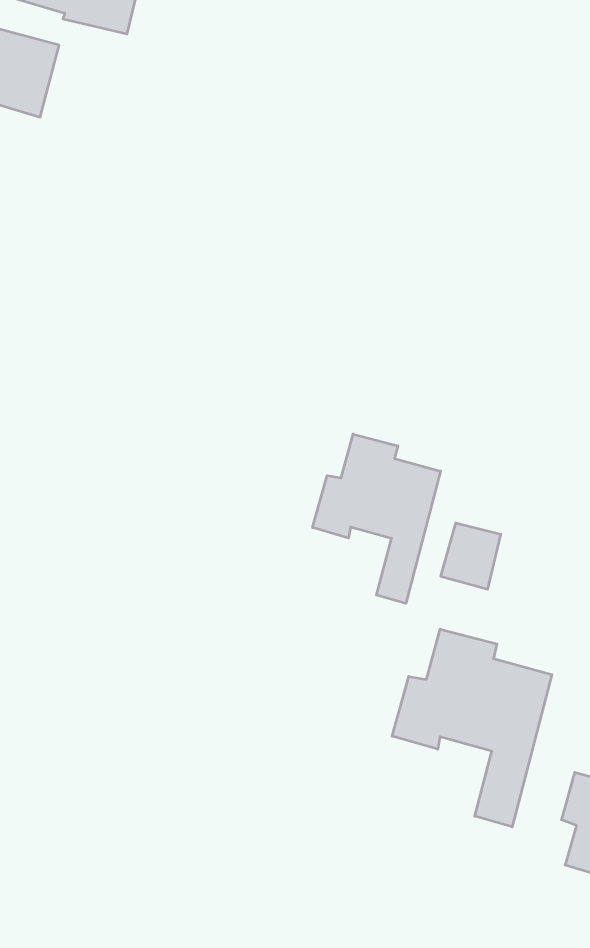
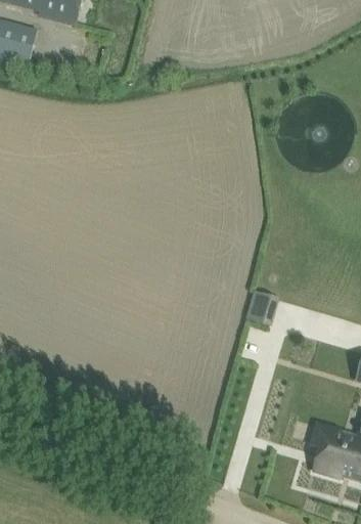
building: [313,434,441,603] -> none
building: [392,629,552,827] -> none

